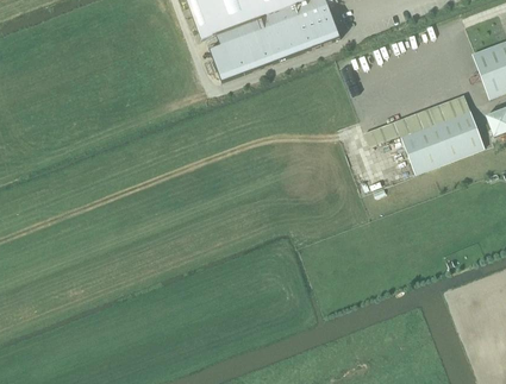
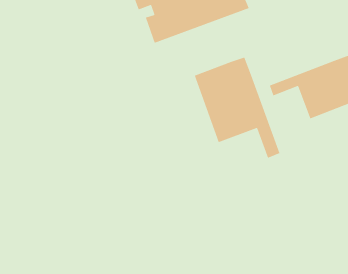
building: none -> [193,57,281,159]

